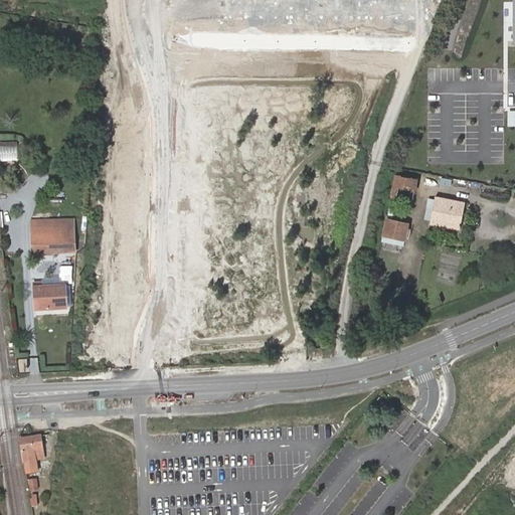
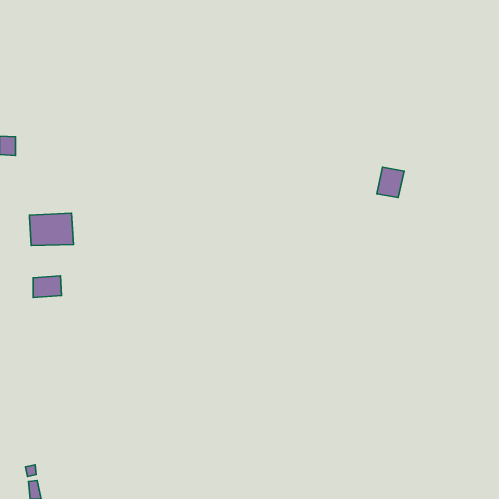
building: [432,195,466,227] -> none
building: [380,217,409,245] -> none
building: [19,433,41,457] -> none

